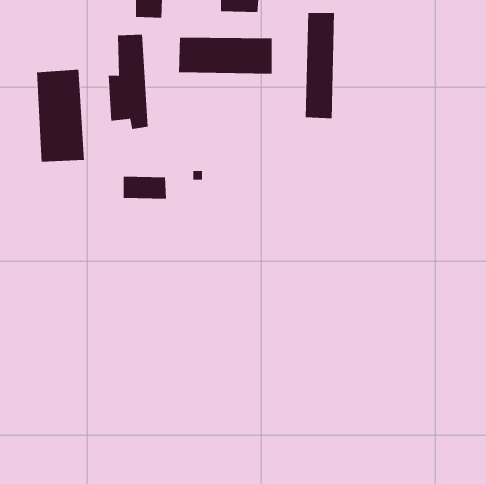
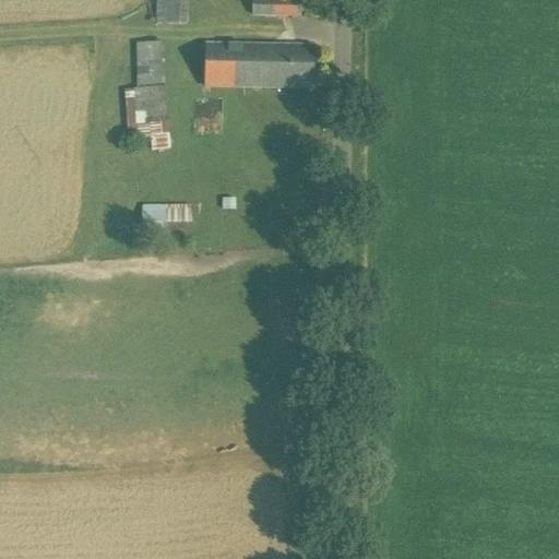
building: [305,12,334,119] -> none
building: [37,69,85,162] -> none

